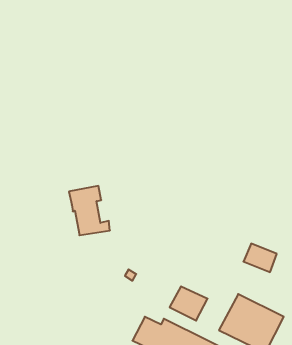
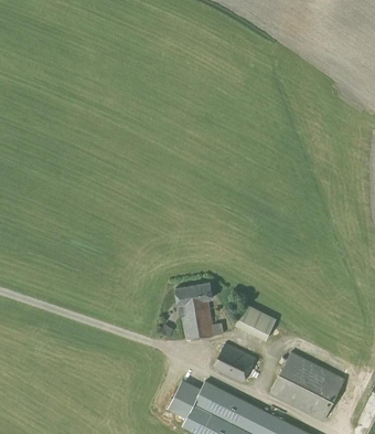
building: [69,186,110,235] -> [175,283,223,340]
building: [243,244,277,272] -> [240,305,279,338]

